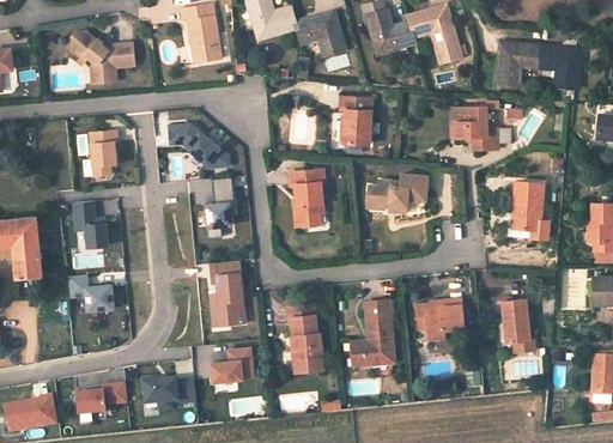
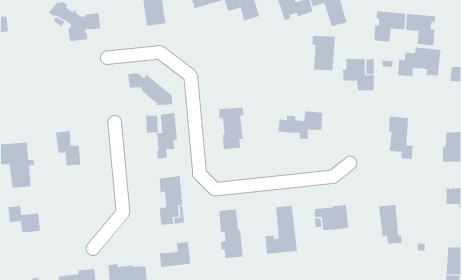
building: none -> [397,47,441,77]
building: [340,97,372,144] -> [311,36,336,71]
building: [90,131,117,176] -> none
building: [69,275,114,311] -> [7,206,41,233]

